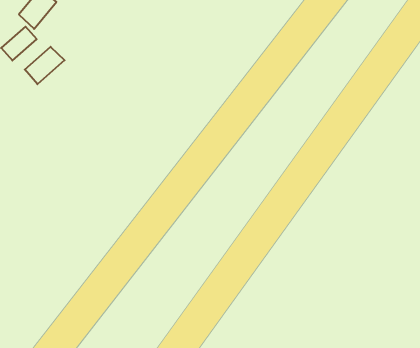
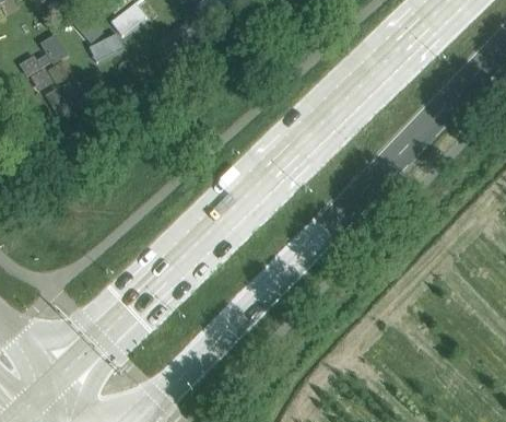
building: [25,47,65,84] -> none

